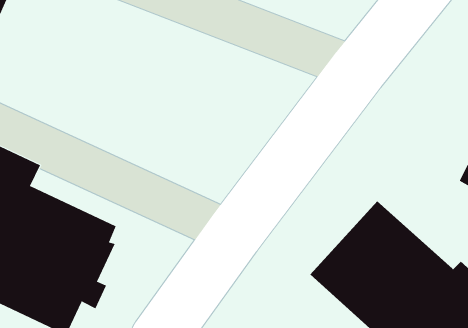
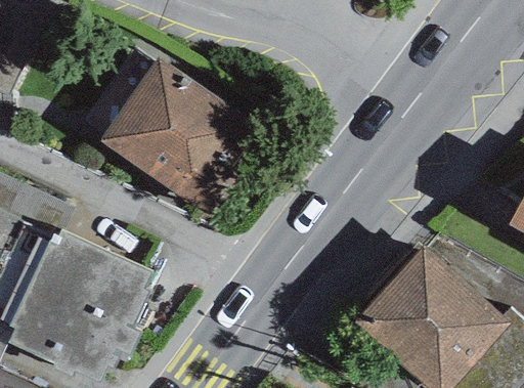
building: none -> [96,57,262,215]

